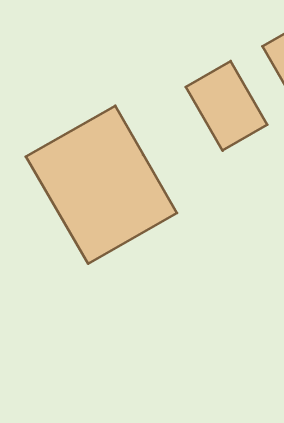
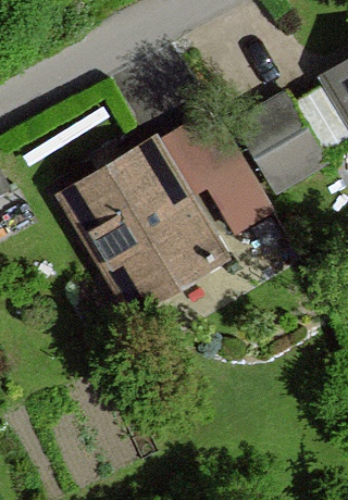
building: none -> [162,110,272,228]

